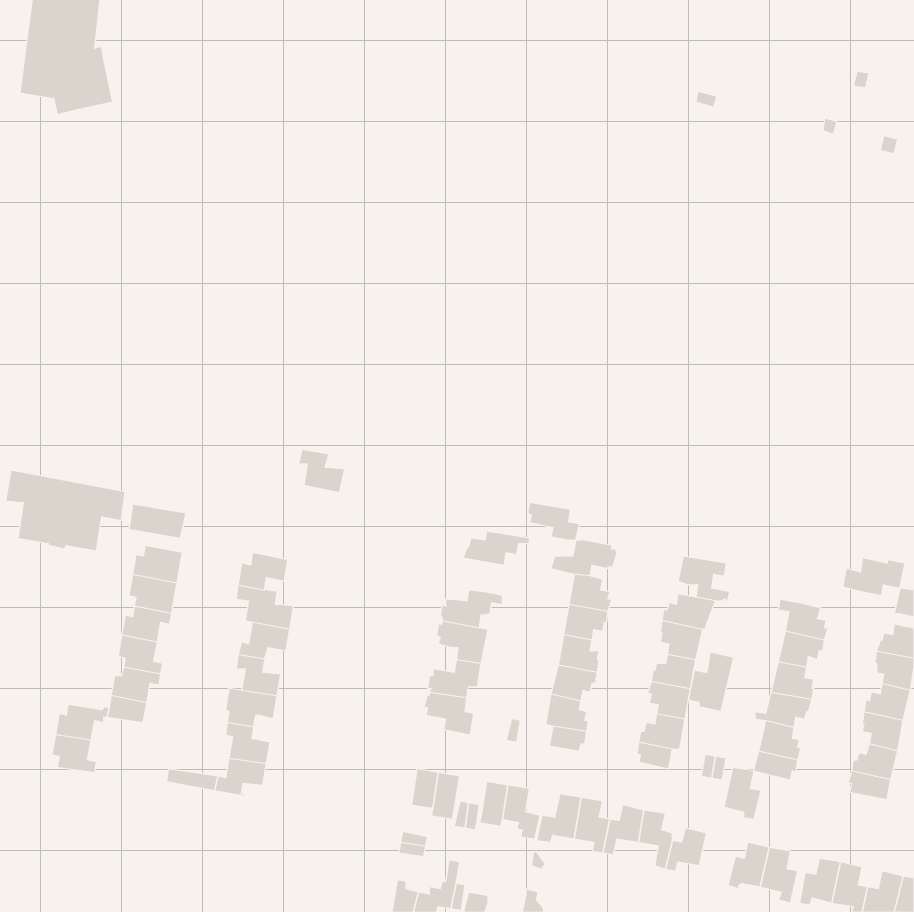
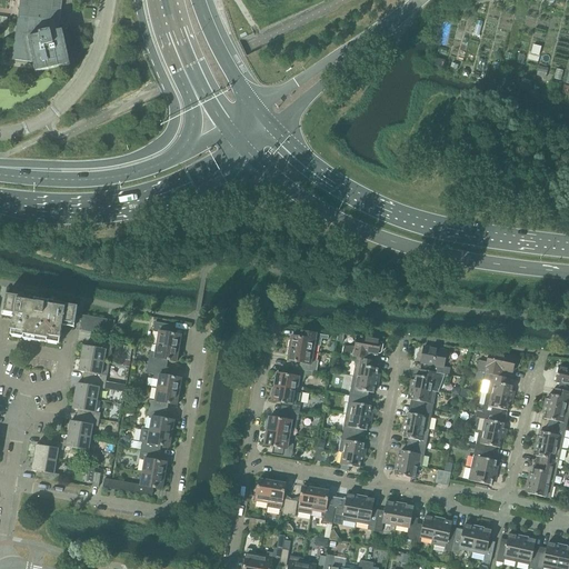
building: [298,450,345,492] -> [153,321,182,348]
building: [528,502,580,540] -> [287,347,319,370]
building: [842,558,905,595] -> [477,352,516,376]
building: [688,652,733,712] -> none
building: [724,767,761,819] -> [433,518,457,550]

